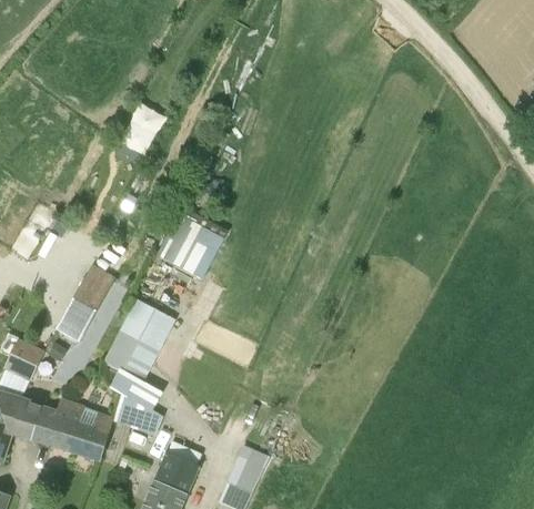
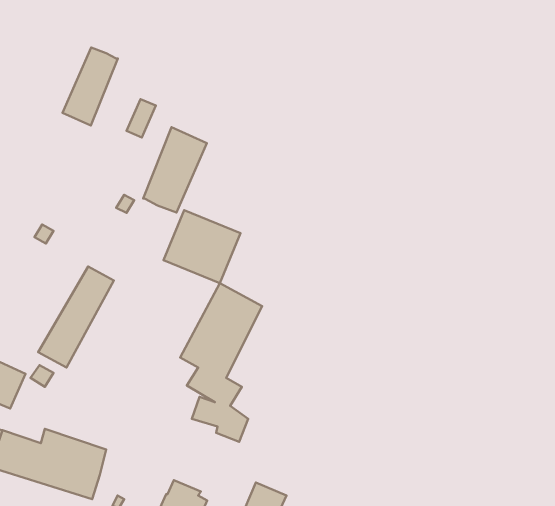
building: none -> [62,48,118,126]
building: none -> [143,127,207,212]
building: [102,299,173,437] -> [180,283,262,442]

